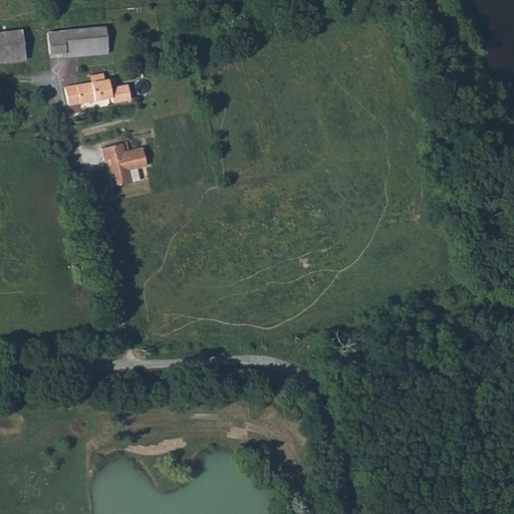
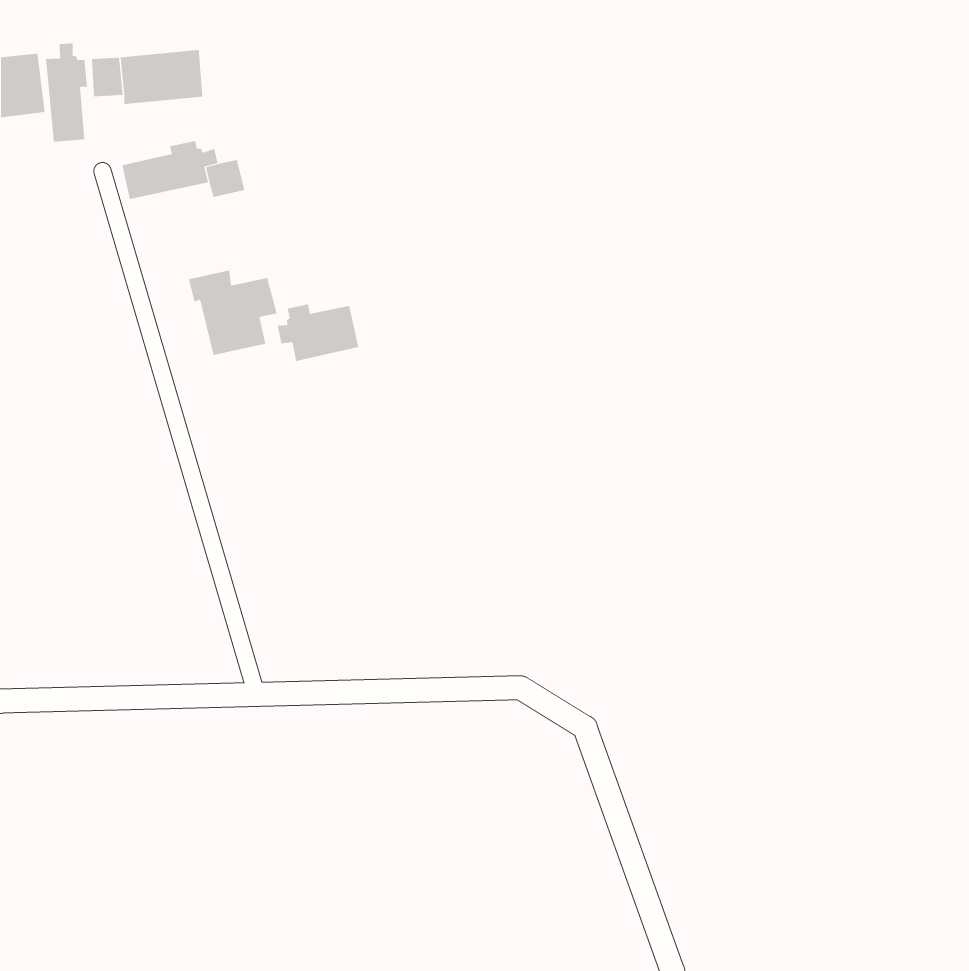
building: none -> [46,43,88,143]
building: none -> [277,304,359,362]

